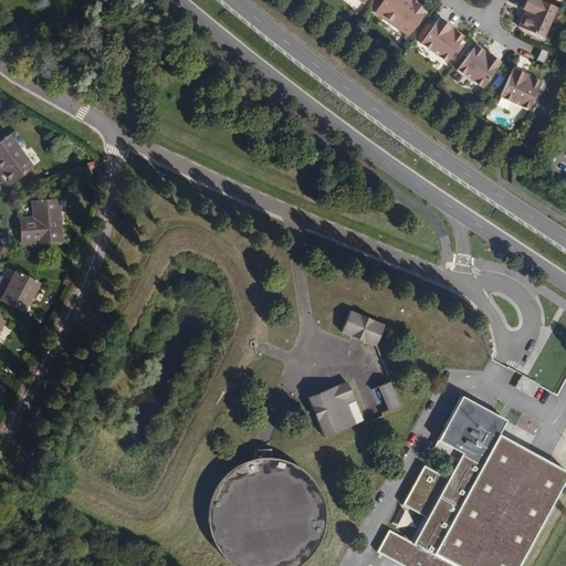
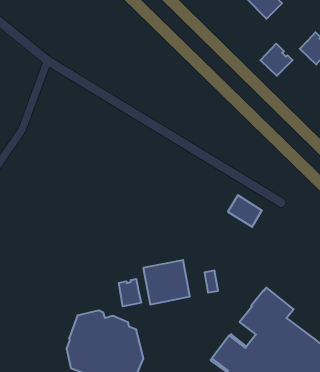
building: [422,18,465,61] -> [260,44,293,76]
building: [340,306,386,346] -> [228,195,262,227]
building: none -> [119,279,141,306]

